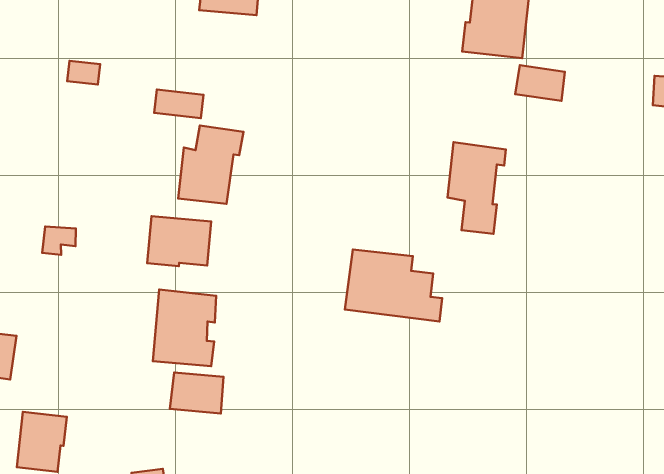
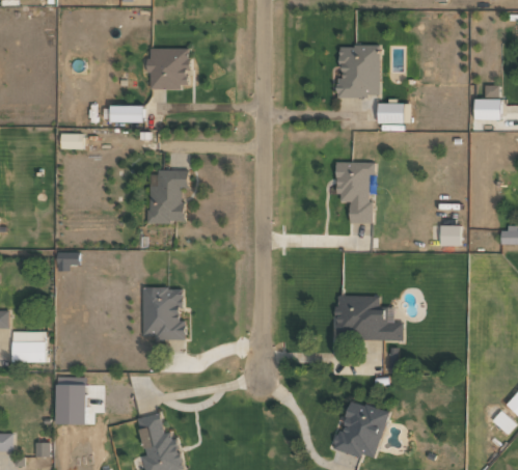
building: [154,89,204,118] -> [110,105,143,121]
building: [147,216,211,266] -> none
building: none -> [440,225,460,245]
building: [345,250,442,321] -> [335,296,403,339]
building: [170,372,223,414] -> none

